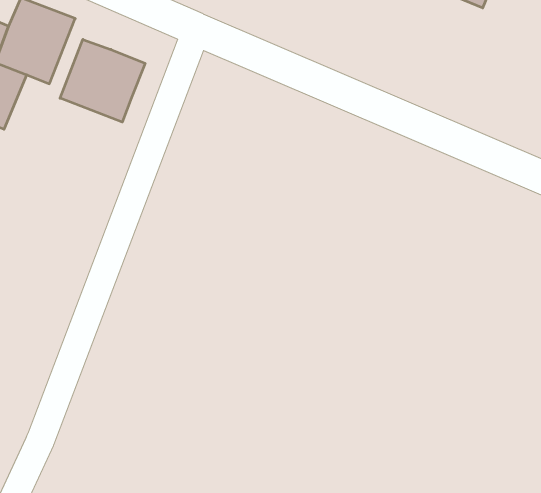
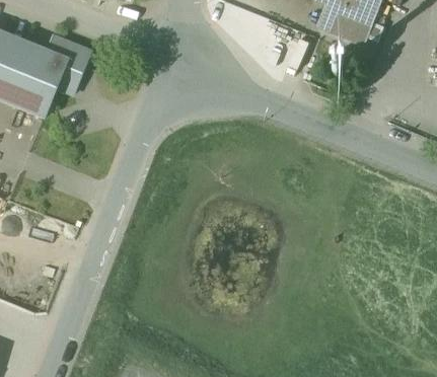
building: [60,39,145,122] -> none

